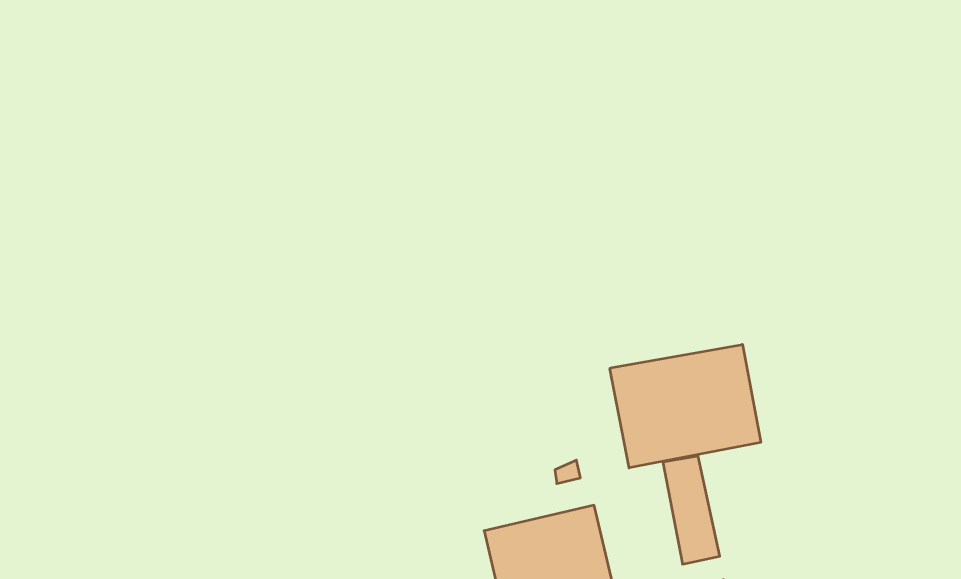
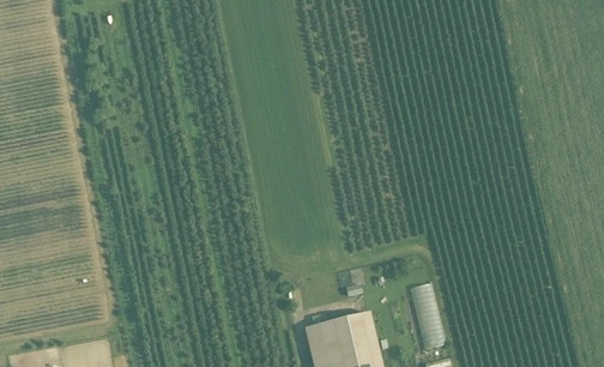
building: [610,344,761,468] -> none

